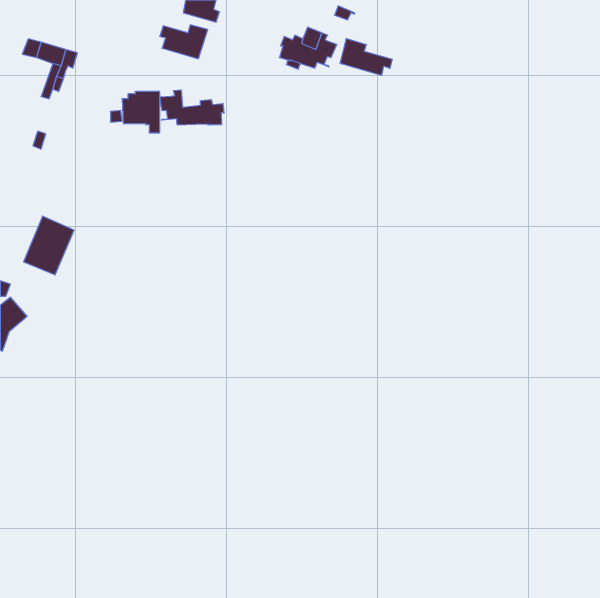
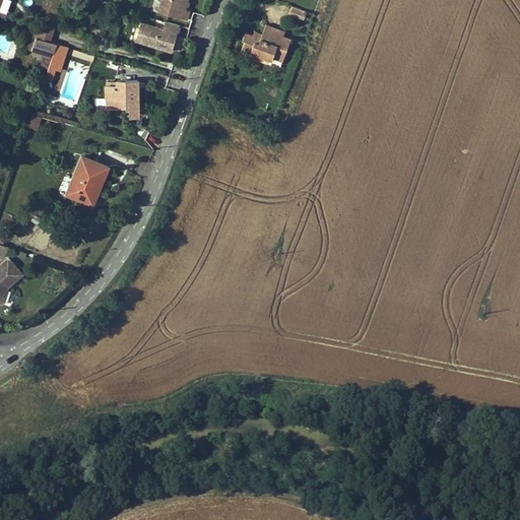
building: [340,38,392,75] -> none
building: [160,90,224,125] -> none
building: [24,216,74,275] -> [66,154,110,205]

